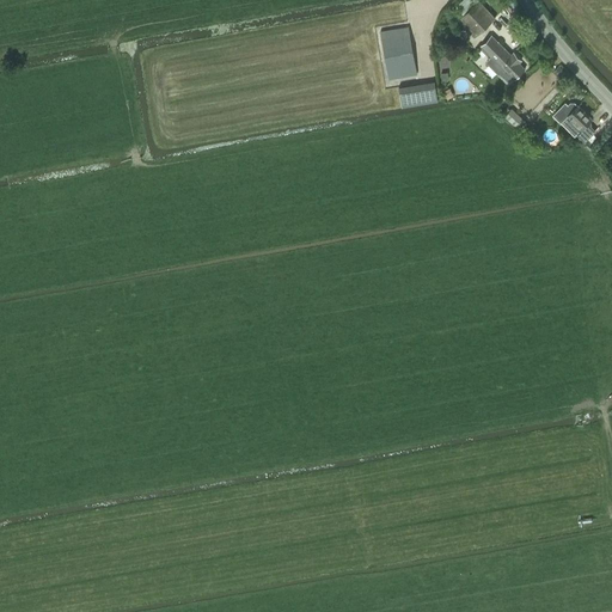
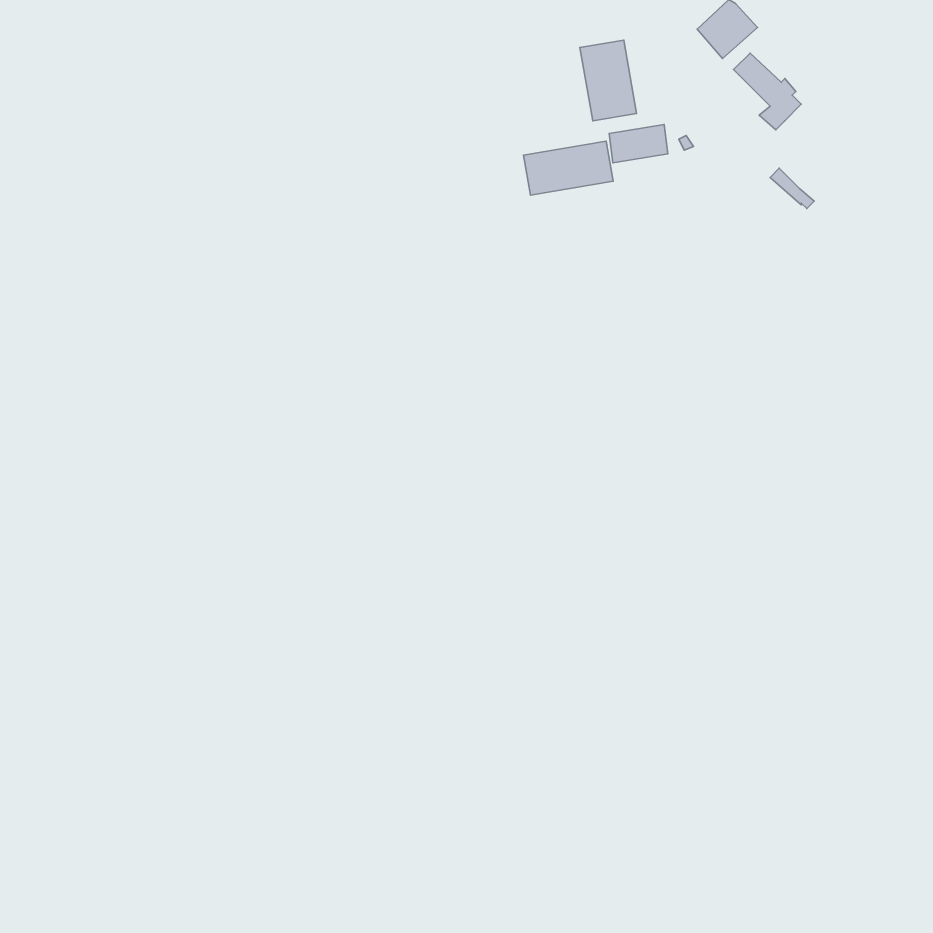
building: none -> [523,141,613,195]
building: [559,104,595,142] -> none

